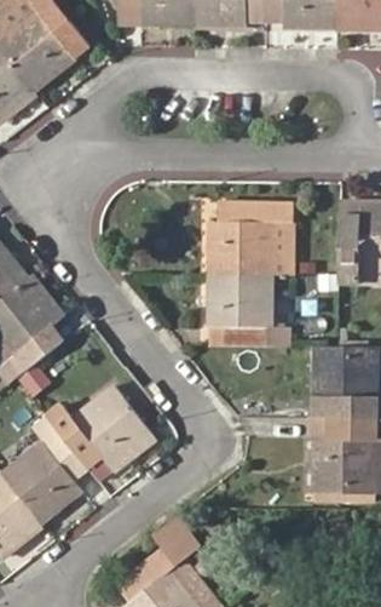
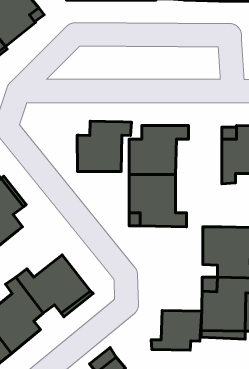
building: none -> [77,121,132,171]
building: [273,222,298,271] -> none
building: none -> [151,311,202,350]

